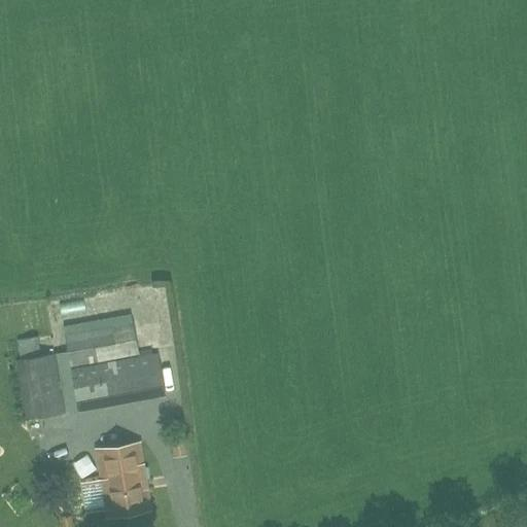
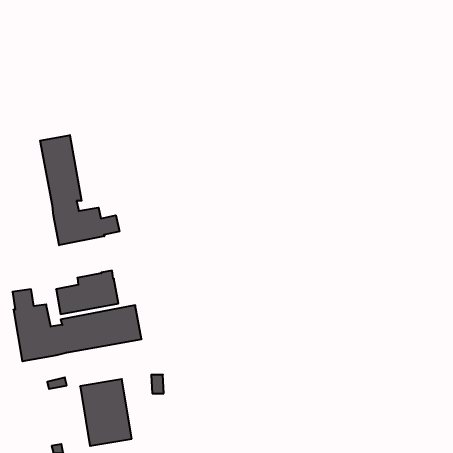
building: none -> [40,135,119,245]

